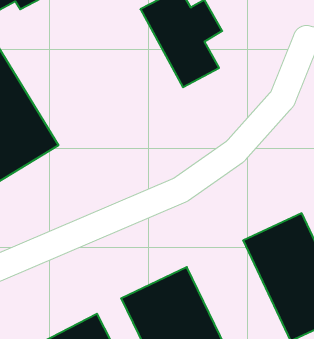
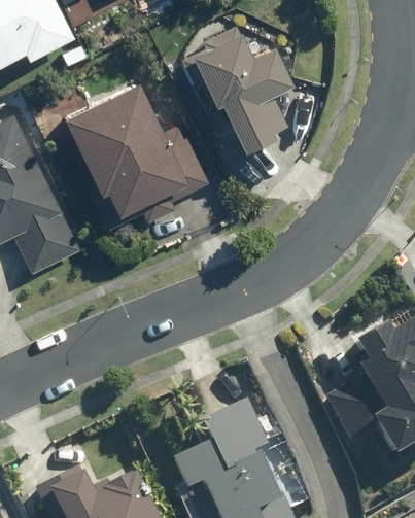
building: none -> [74,76,197,210]

